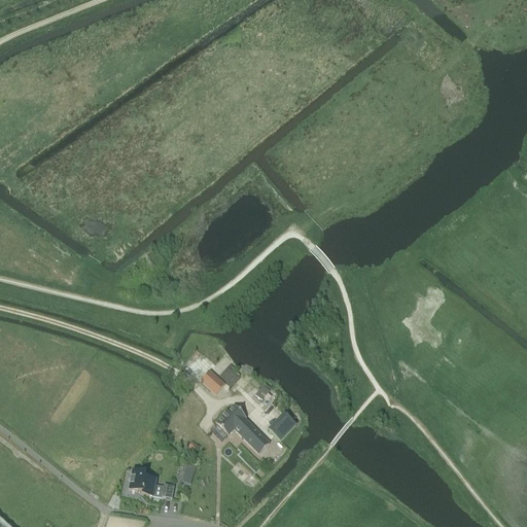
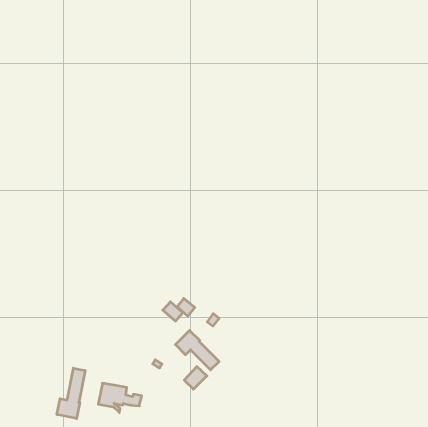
building: [269,413,296,441] -> [184,367,207,389]
building: none -> [57,368,85,419]

